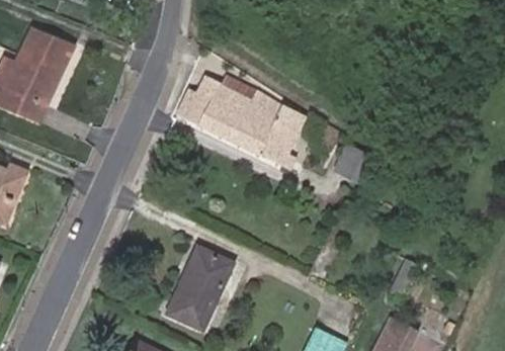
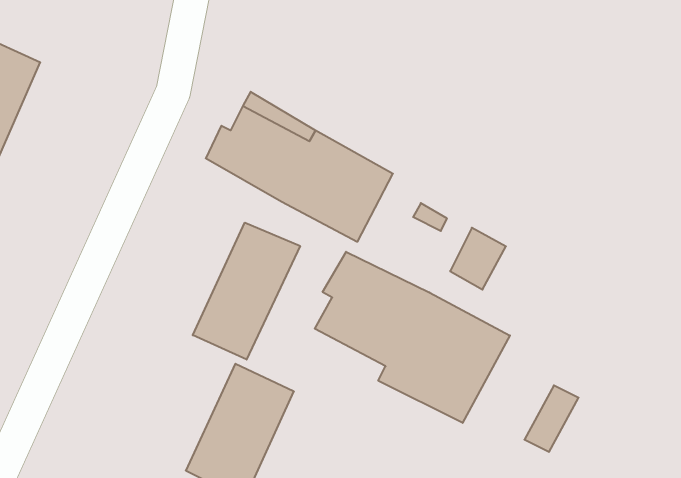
building: none -> [193,223,300,360]
building: none -> [315,252,510,423]

